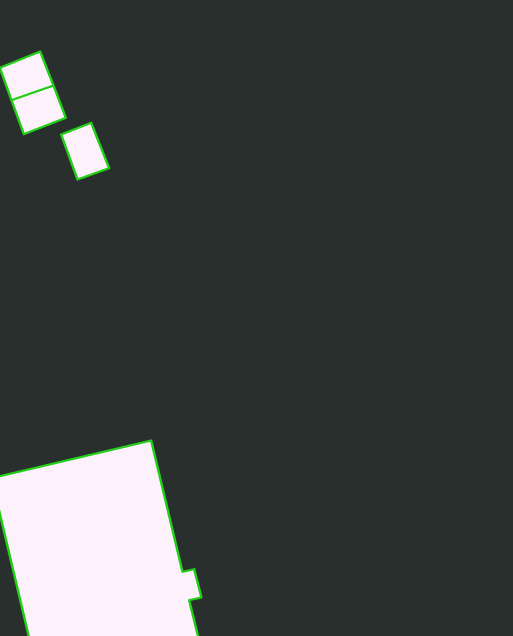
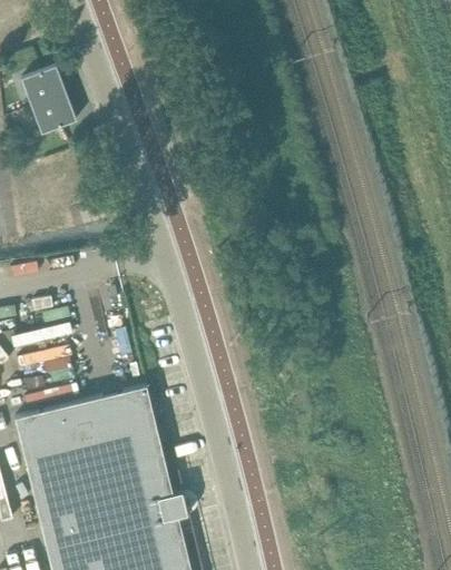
building: [61,123,109,180] -> none

